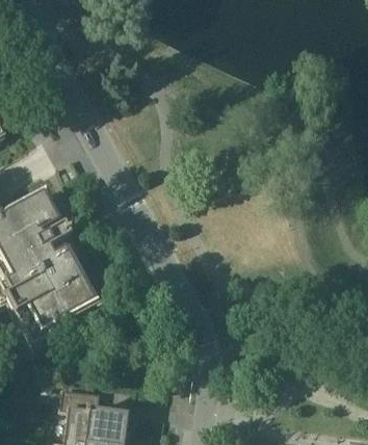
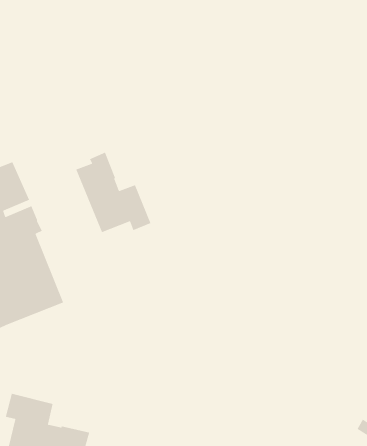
building: none -> [75,151,151,233]

